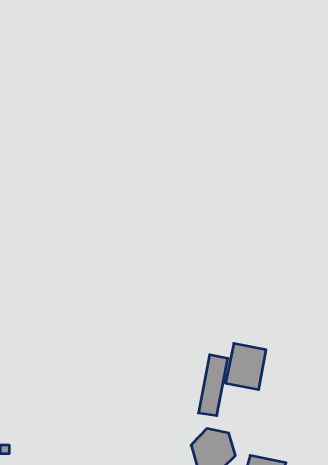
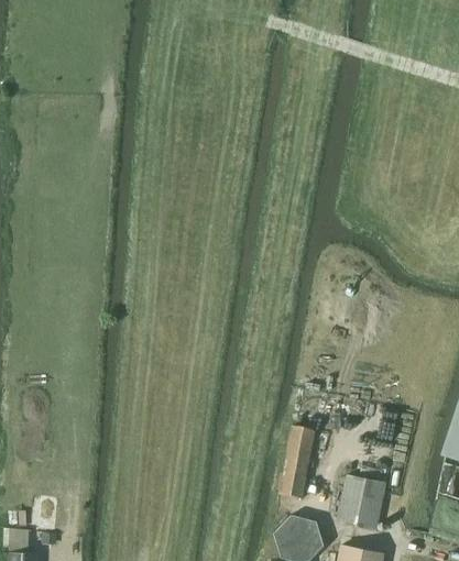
building: [225,343,266,390] -> [337,475,385,530]

